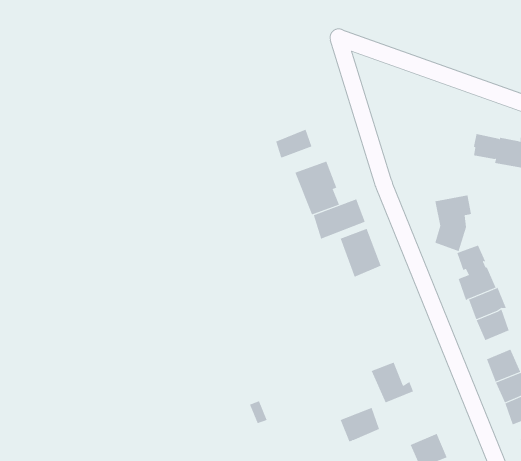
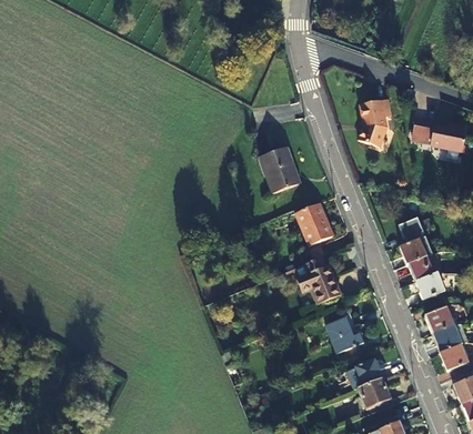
building: [275,129,312,158] -> none
building: [434,195,472,252] -> [362,102,394,151]
building: [313,198,365,240] -> none
building: none -> [296,260,341,305]
building: [340,407,380,442] -> [346,360,381,390]

